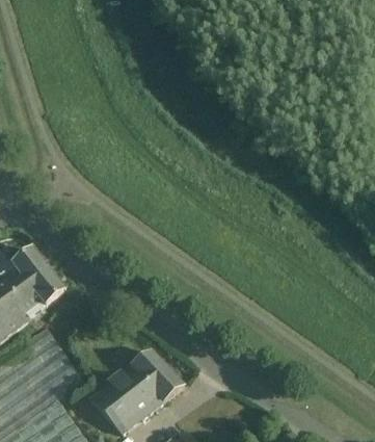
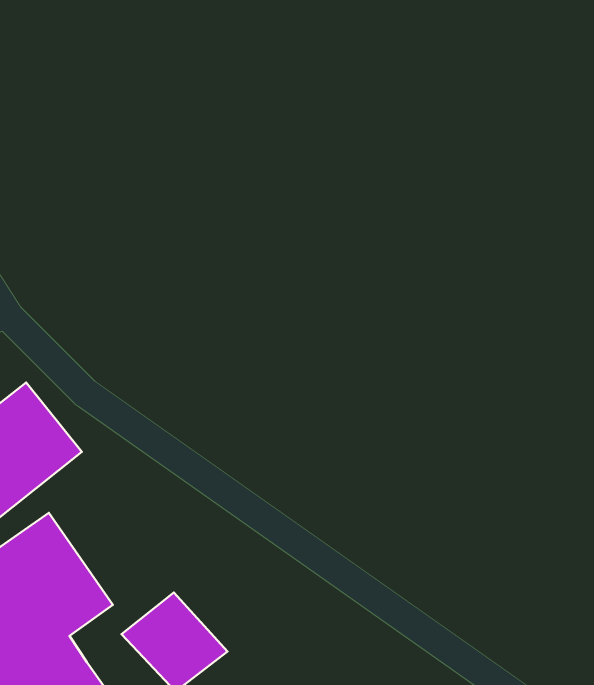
building: [120,352,184,411] -> none

